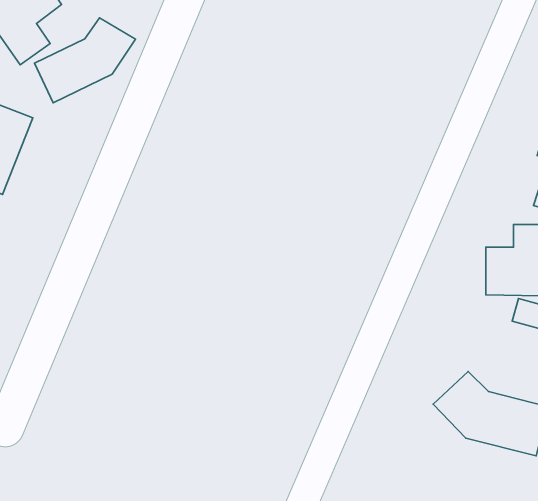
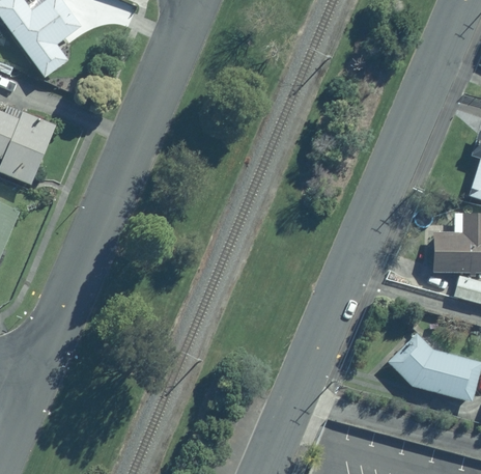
building: [35,18,135,103] -> none

